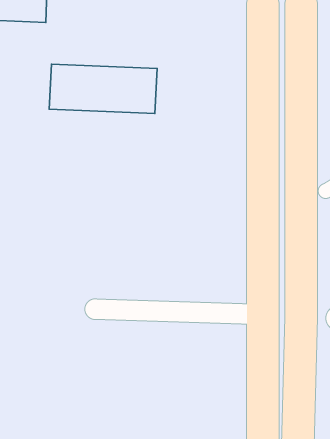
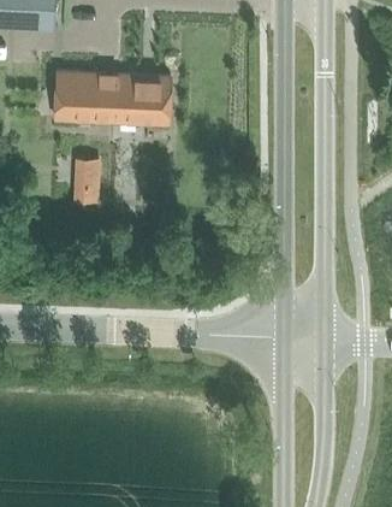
building: none -> [75,158,102,202]

